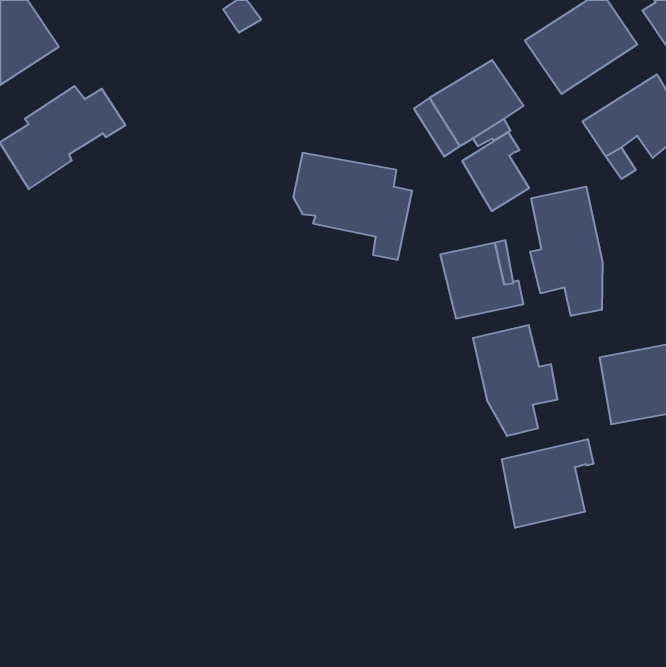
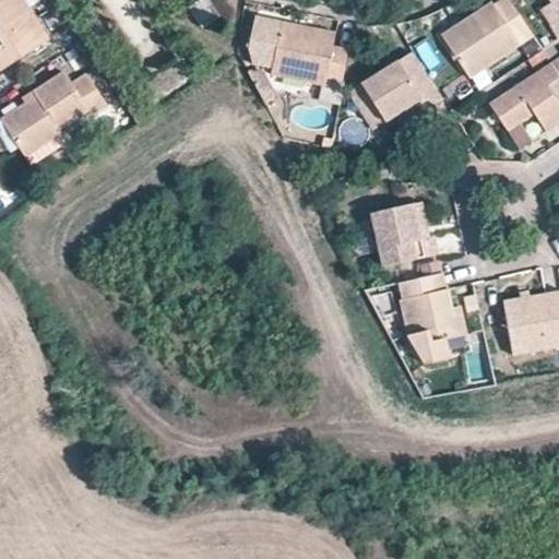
building: [462,132,529,211] -> none
building: [293,153,412,260] -> [250,16,349,106]
building: [530,187,603,316] -> none
building: [502,439,593,528] -> none

